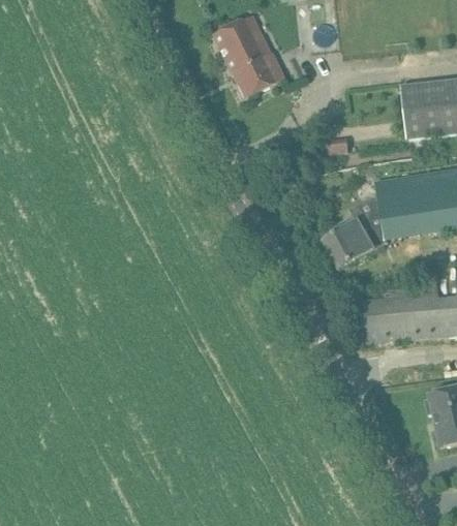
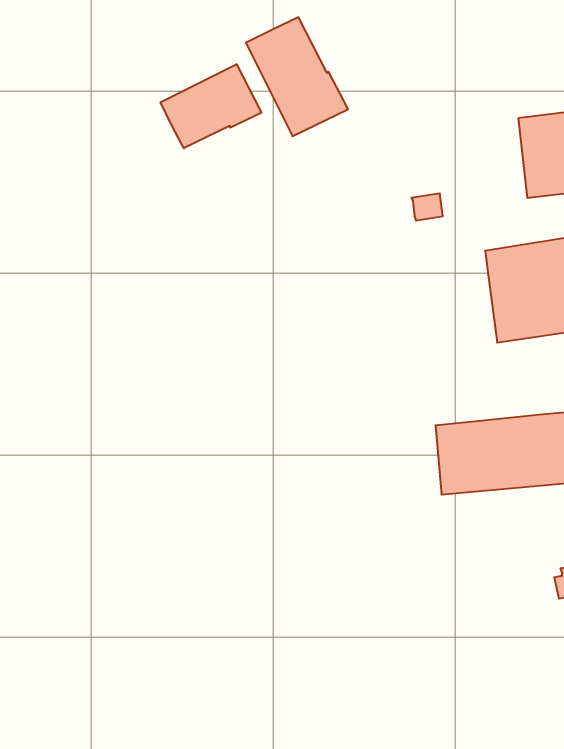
building: none -> [160,64,261,148]
building: [323,192,390,271] -> none

